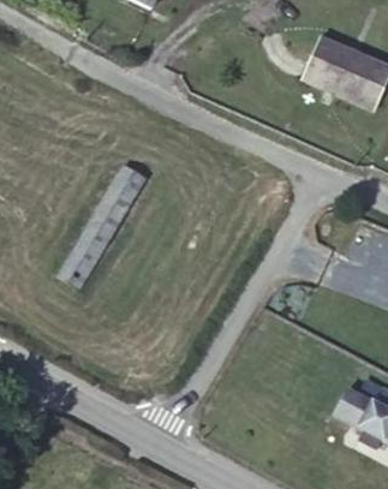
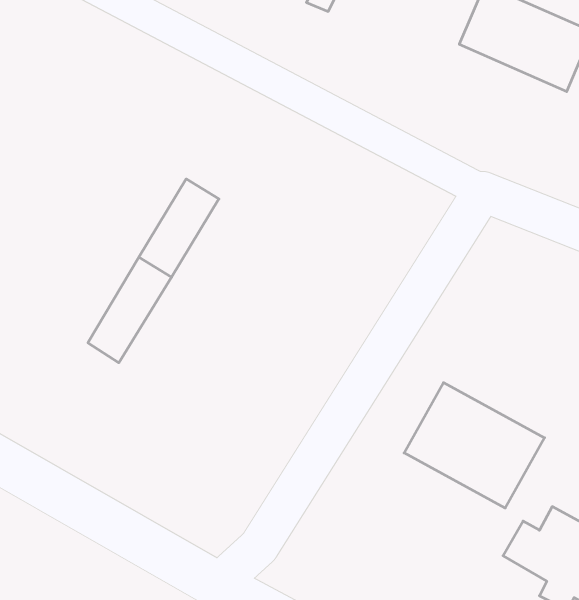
building: none -> [404,383,545,508]

